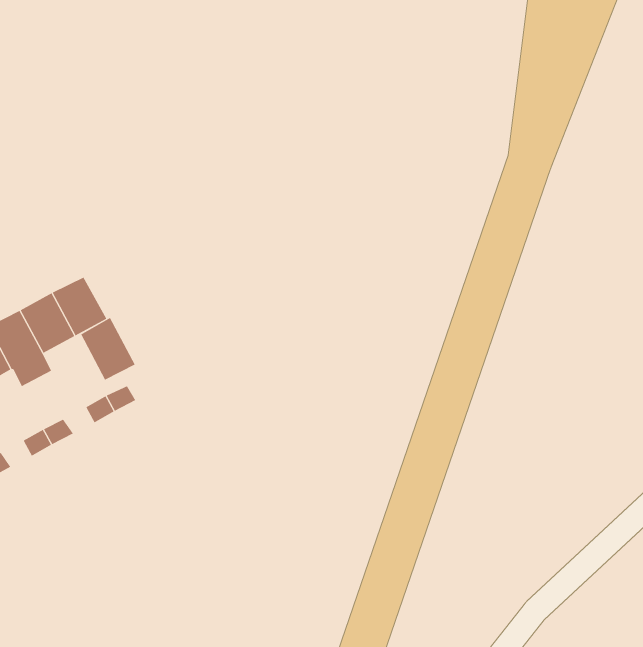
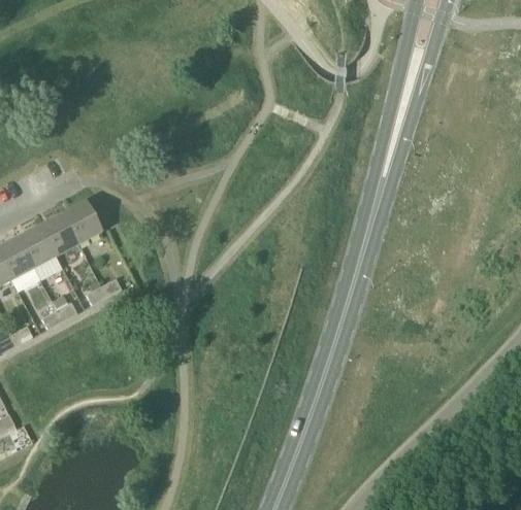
building: [81,317,135,381] -> none

